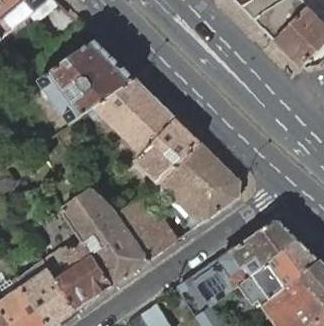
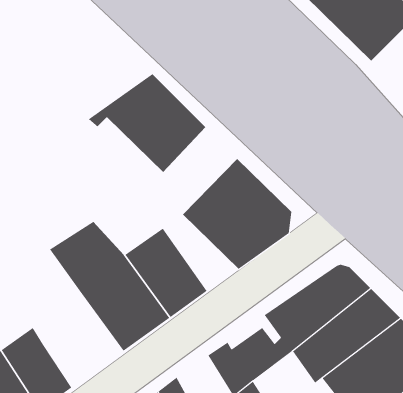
building: [39,39,136,124] -> none
building: [135,117,199,182] -> none
building: [55,239,114,311] -> none

